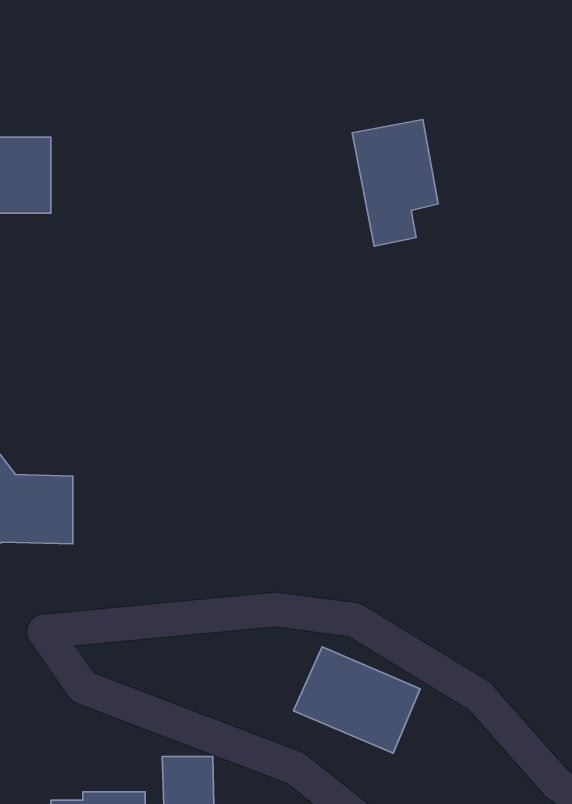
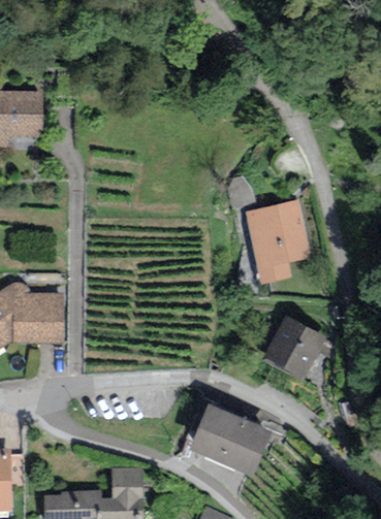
building: [352,119,438,246] -> [252,202,305,280]
building: none -> [267,315,322,369]

